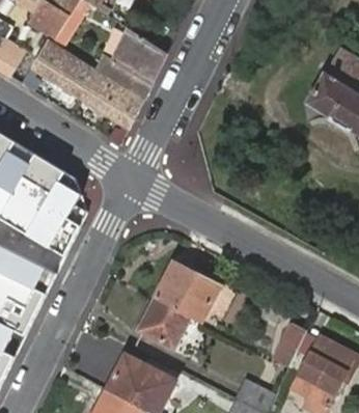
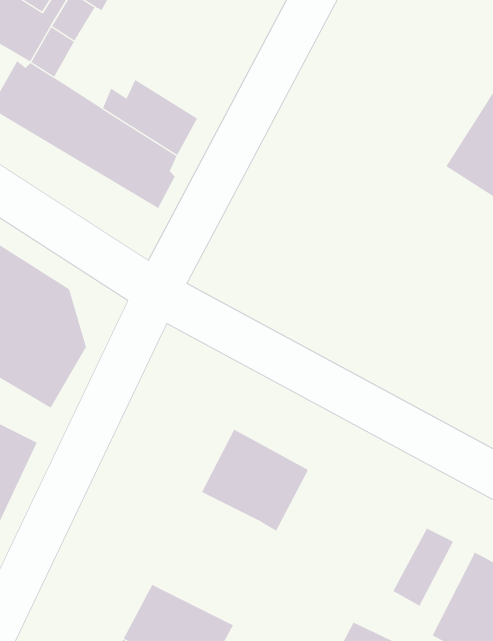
building: [113,28,163,74] -> none
building: [138,301,189,350] -> none

